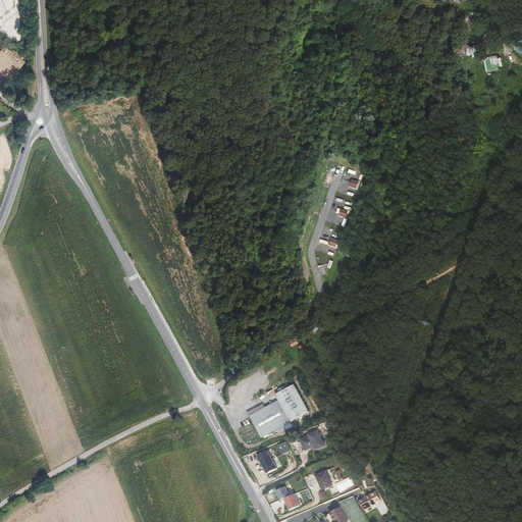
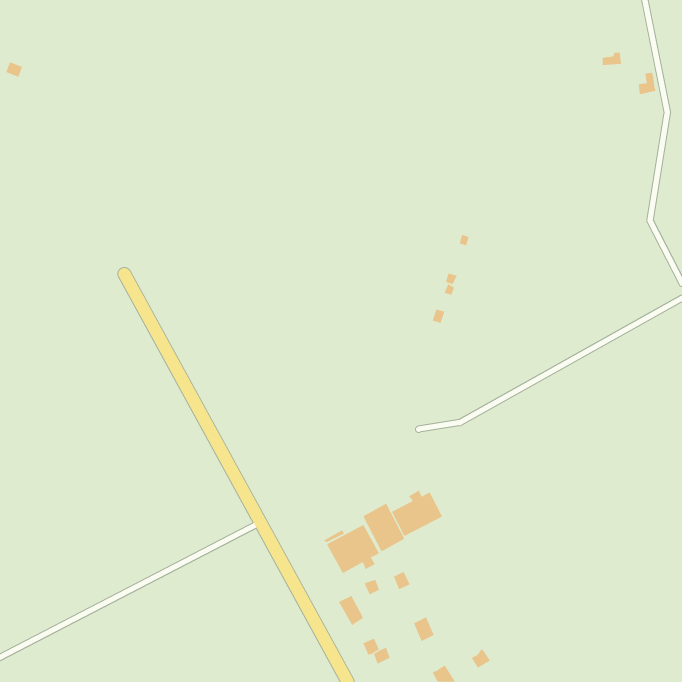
building: none -> [391,490,443,537]

